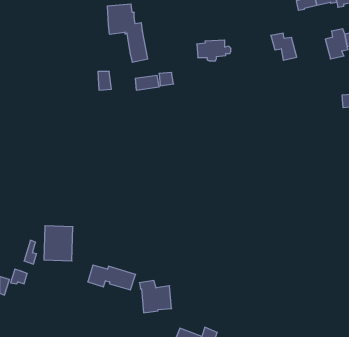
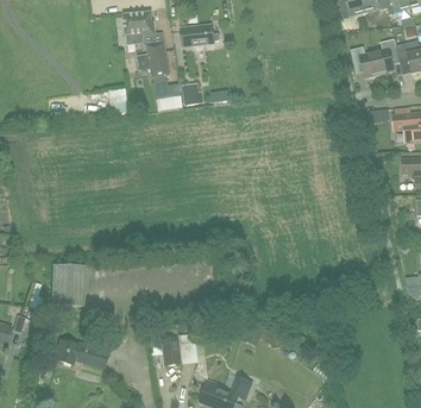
building: [271,33,297,60] -> [350,45,379,76]
building: [197,40,231,61] -> [181,24,220,48]
building: [88,265,136,290] -> [55,339,109,368]

